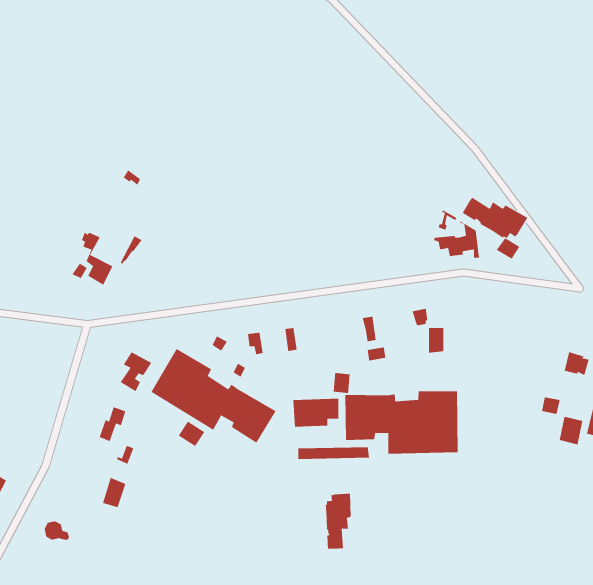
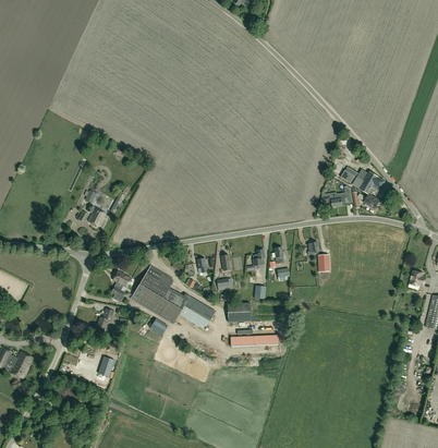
building: [345,390,458,454] -> none
building: [325,493,351,549] -> none

